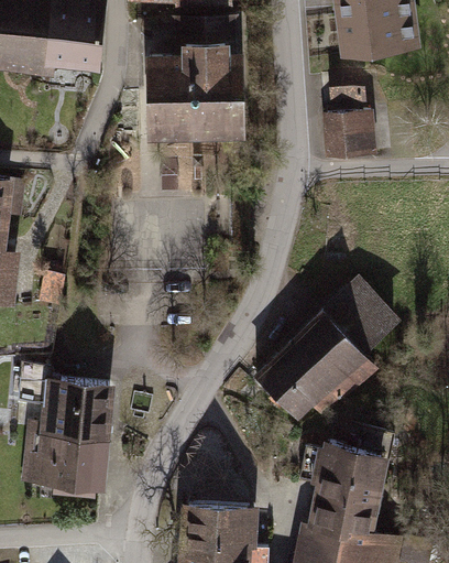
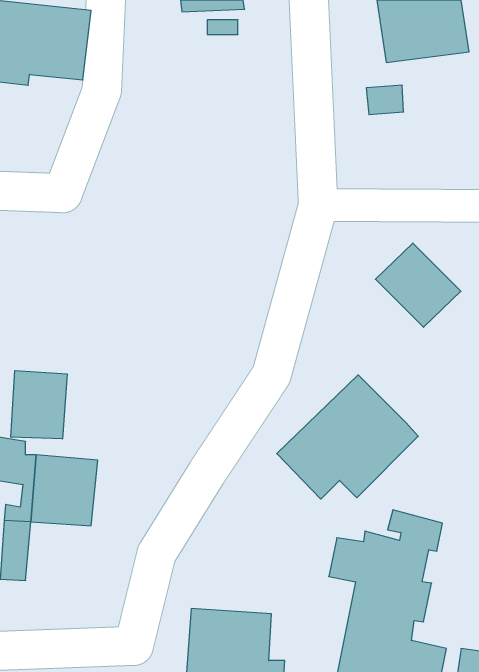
building: [149,45,240,137] -> none
building: [326,115,373,160] -> none
building: [324,286,394,356] -> [375,243,461,327]
building: none -> [11,371,67,439]
building: [50,437,103,490] -> none

